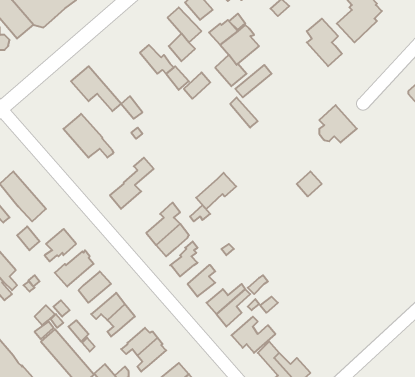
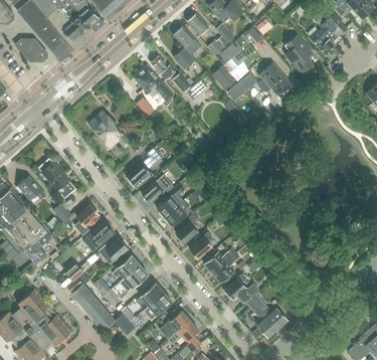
building: [71,66,121,111] -> [134,65,174,102]
building: [319,105,357,143] -> [258,63,289,94]
building: [196,173,236,209] -> [141,174,173,203]

